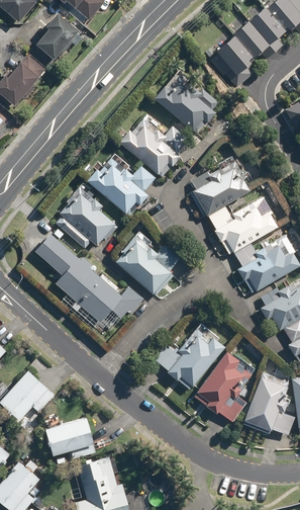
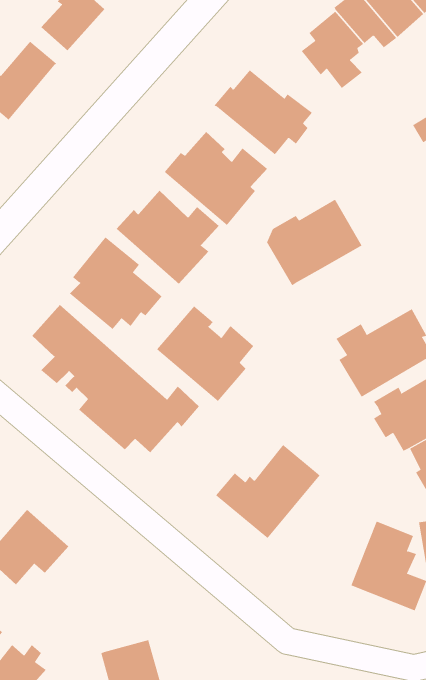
building: [208,197,277,254] -> none
building: [194,350,257,422] -> none
building: [44,416,97,459] -> none

